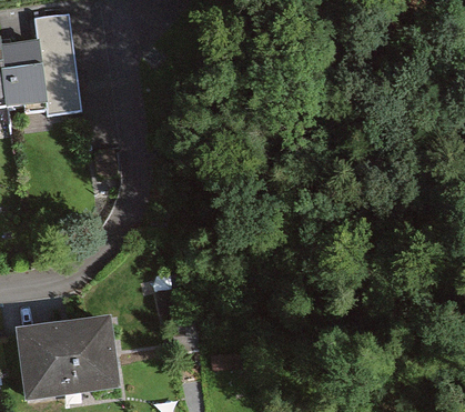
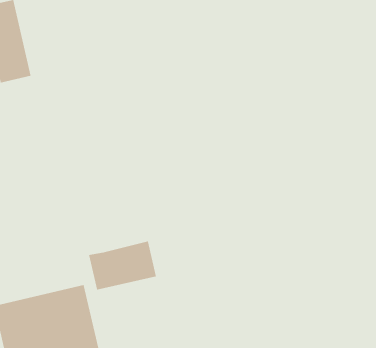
building: none -> [88,241,157,291]

